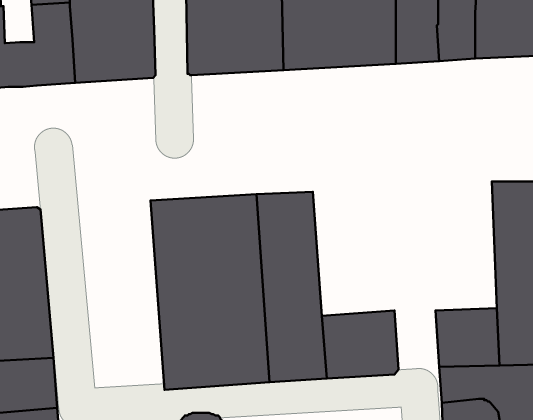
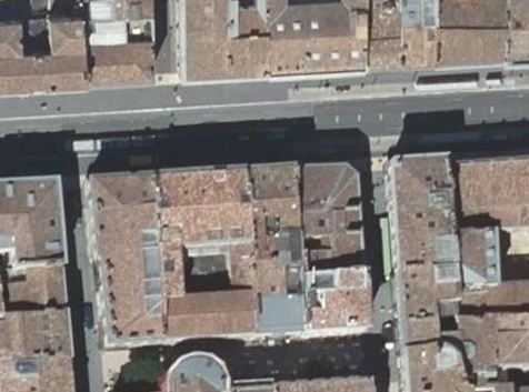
building: none -> [391,162,452,274]
building: none -> [292,168,363,279]
building: none -> [90,179,163,346]

